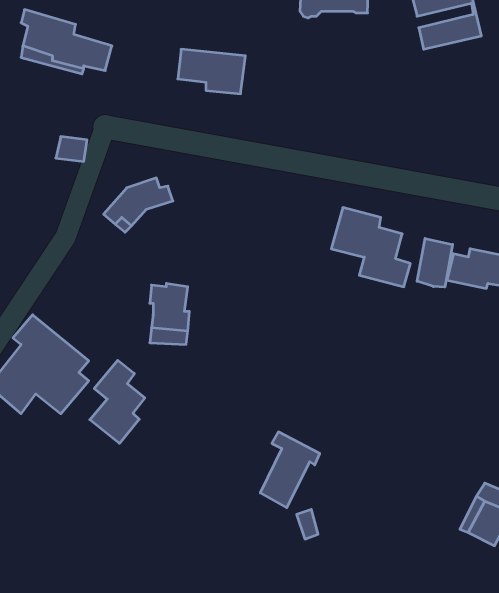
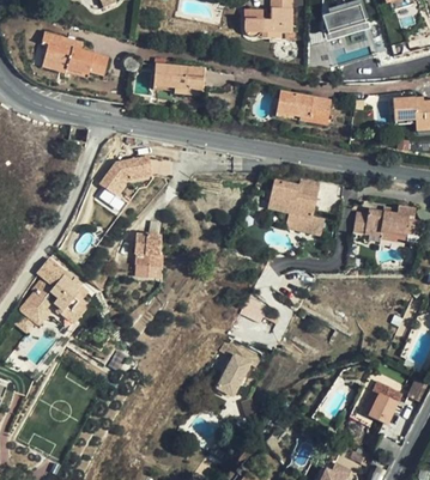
building: none -> [277,90,329,120]
building: [417,238,453,287] -> none
building: [90,360,145,443] -> none

